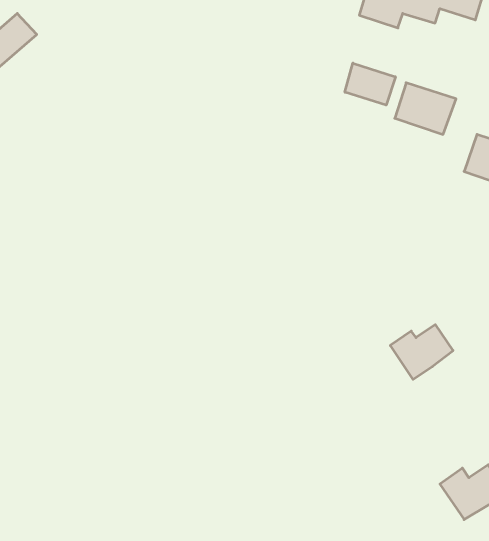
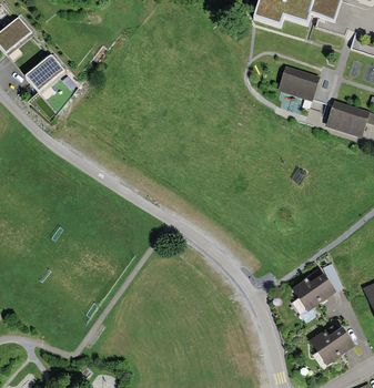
building: [345,63,395,105] -> none
building: none -> [26,53,64,90]
building: [390,325,453,379] -> [292,273,335,310]

